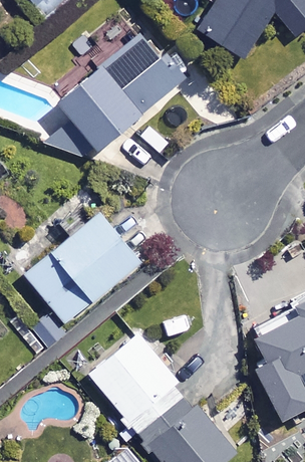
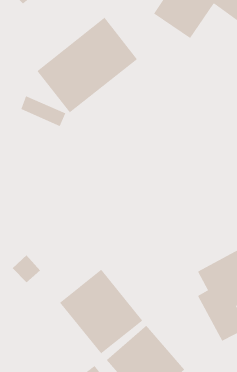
building: [22,209,139,322] -> none

